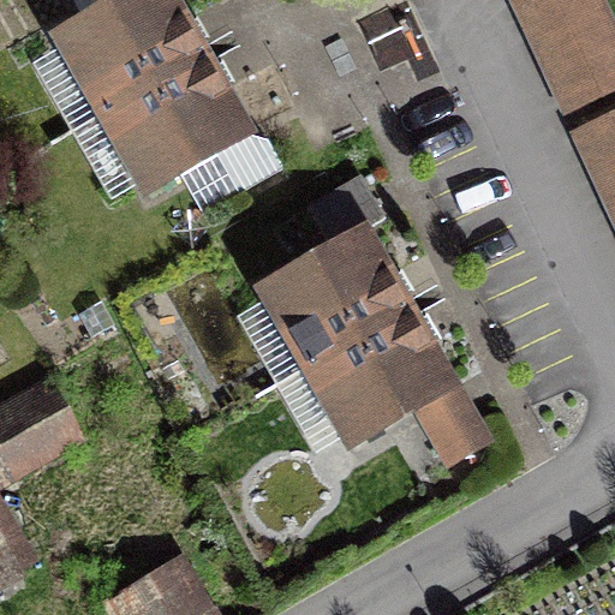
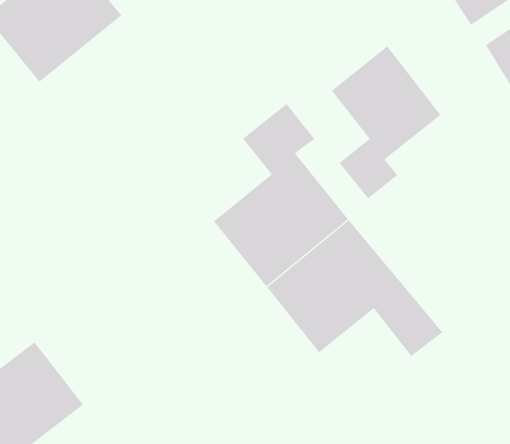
building: [102,53,281,189] -> none
building: none -> [331,46,441,199]

